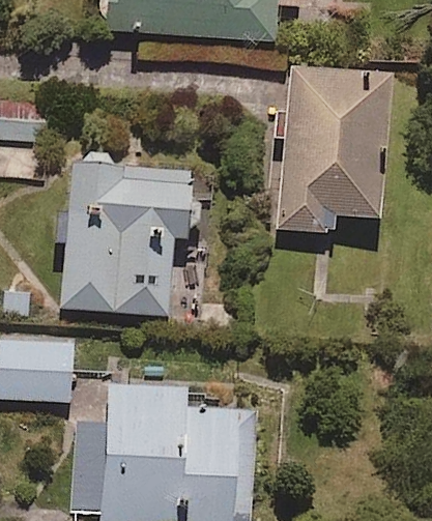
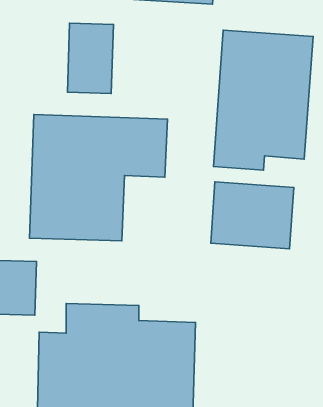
building: none -> [67,23,113,93]
building: none -> [211,182,294,249]

